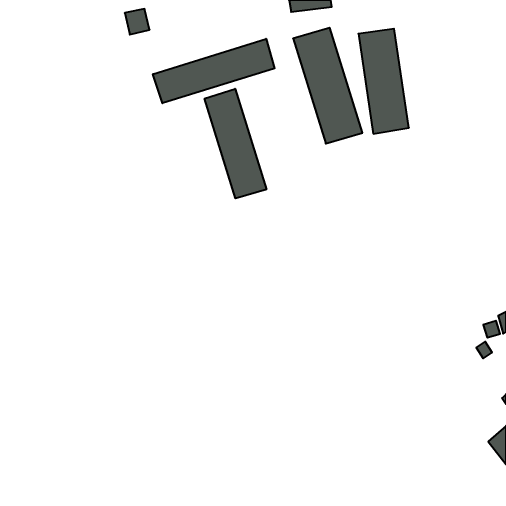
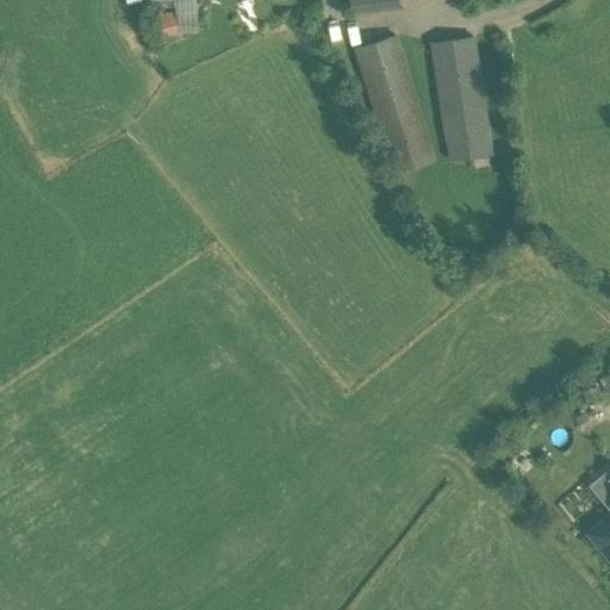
building: [153,39,275,103] -> none
building: [205,89,266,198] -> none

